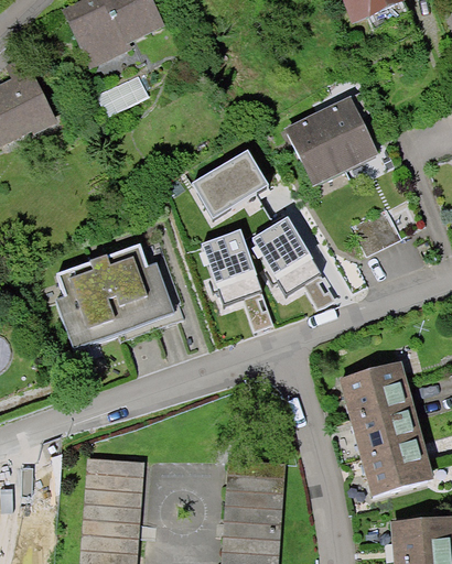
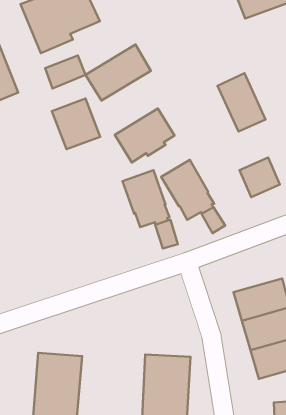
building: none -> [85,45,151,101]
building: [284,113,347,189] -> none
building: none -> [52,99,100,149]
building: [52,239,184,359] -> none

